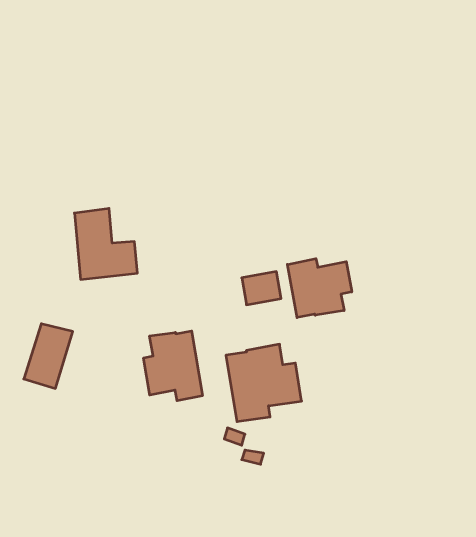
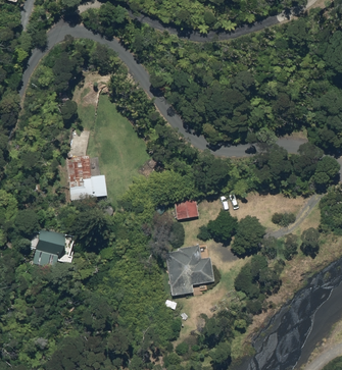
building: [287,259,352,318] -> none
building: [144,331,202,401] -> none

